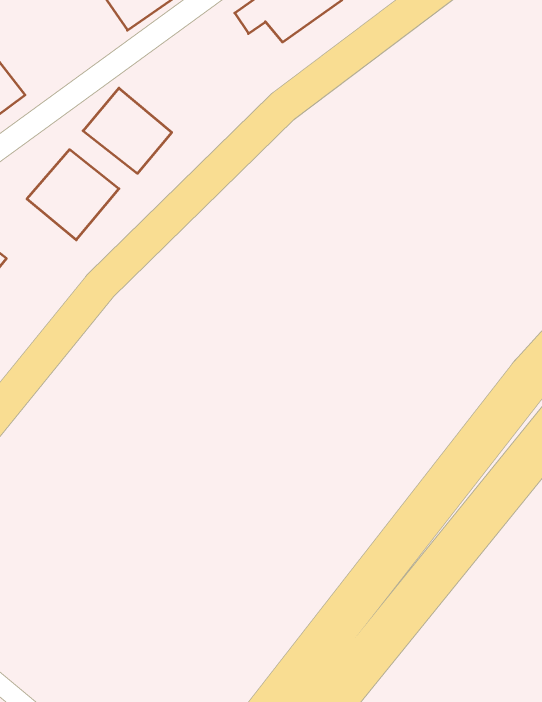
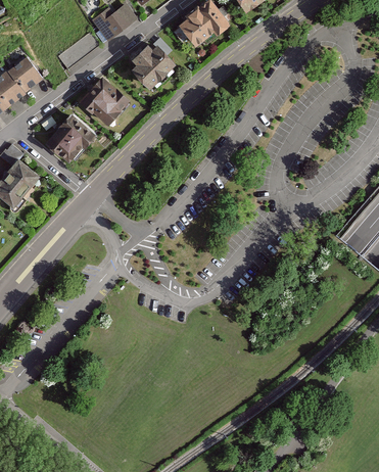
building: none -> [55,31,98,68]
building: none -> [132,44,182,92]

